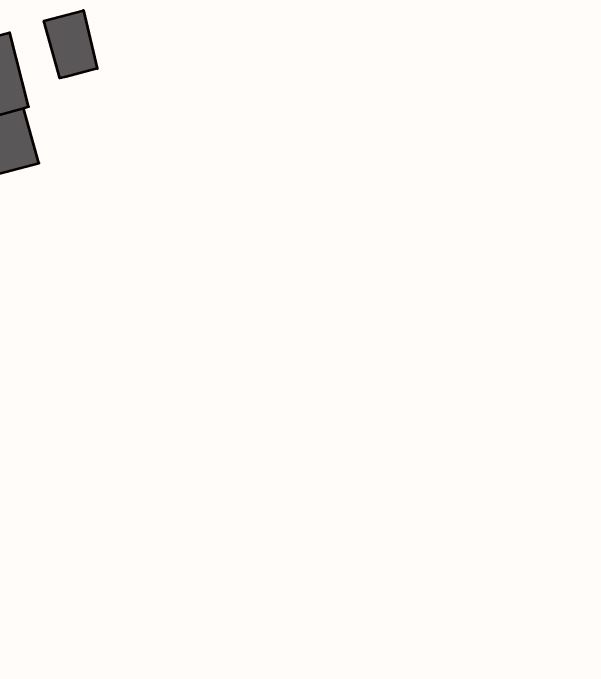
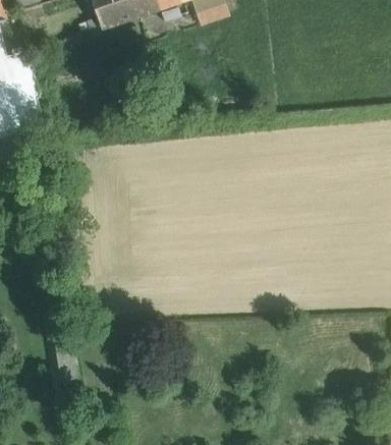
building: [44,10,97,78] -> none

